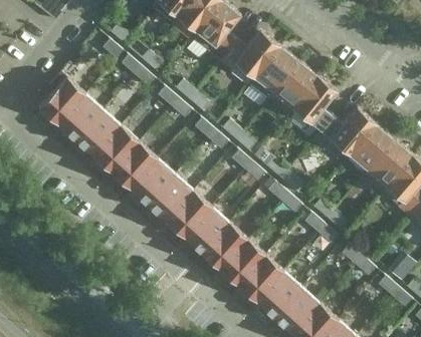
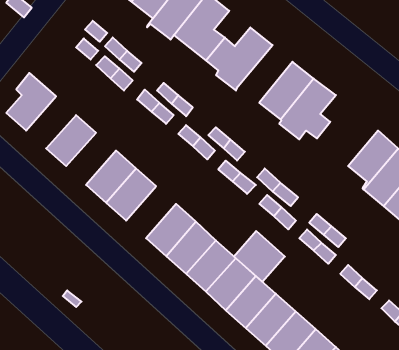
building: [250,46,299,98] -> none
building: [58,92,103,139] -> none
building: [322,107,377,155] -> none
building: [94,125,140,173] -> none
building: [149,174,194,221] -> none
building: none -> [234,231,285,282]

